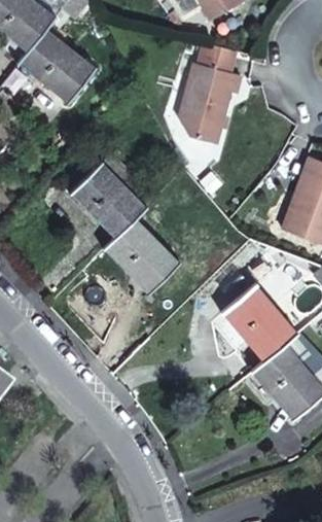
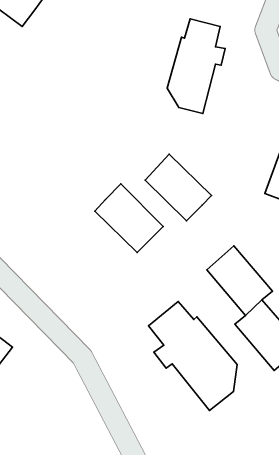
building: [15,32,90,101] -> none
building: [70,163,141,234] -> [145,154,212,221]
building: none -> [149,302,237,411]

